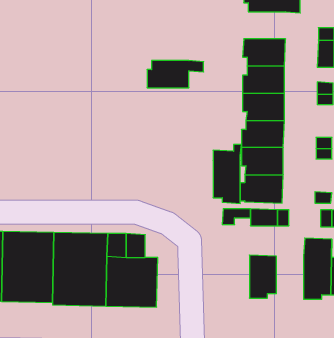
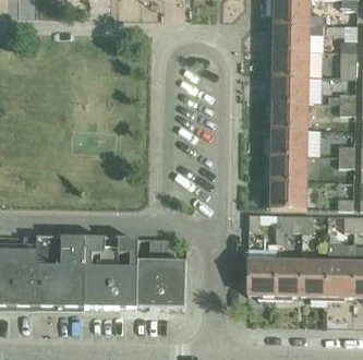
building: [147,61,204,88] -> [268,24,323,50]
building: [213,145,241,203] -> [247,243,275,300]
building: none -> [300,260,326,301]

